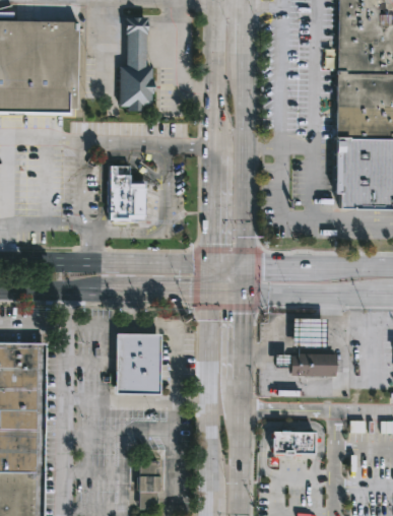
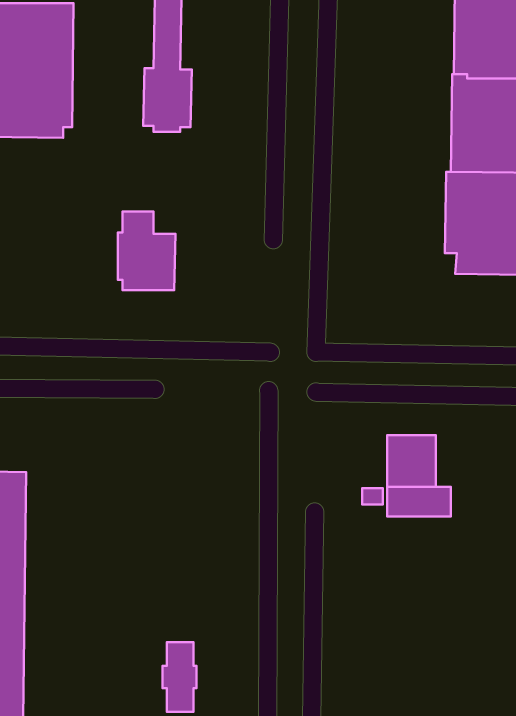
building: [116,333,159,393] -> none
building: [270,431,316,455] -> none

